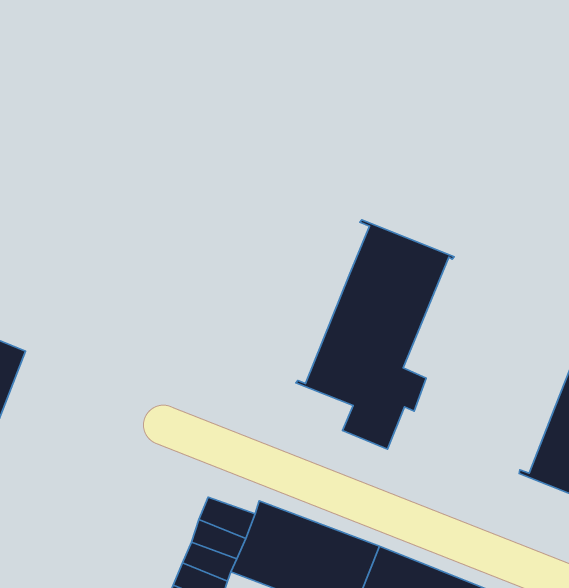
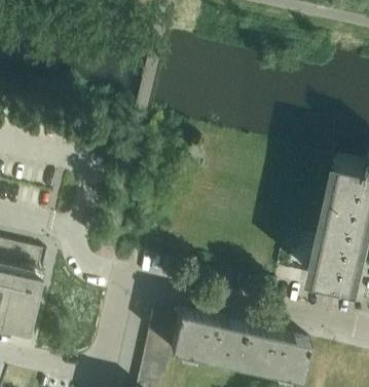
building: [296,220,454,449] -> none

